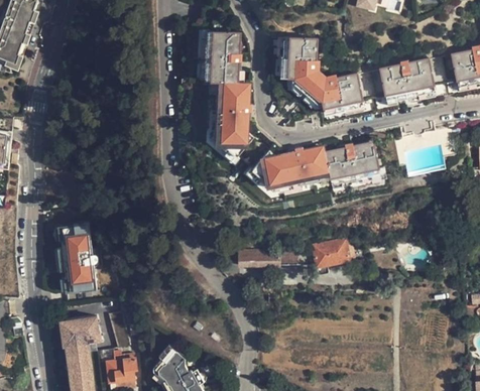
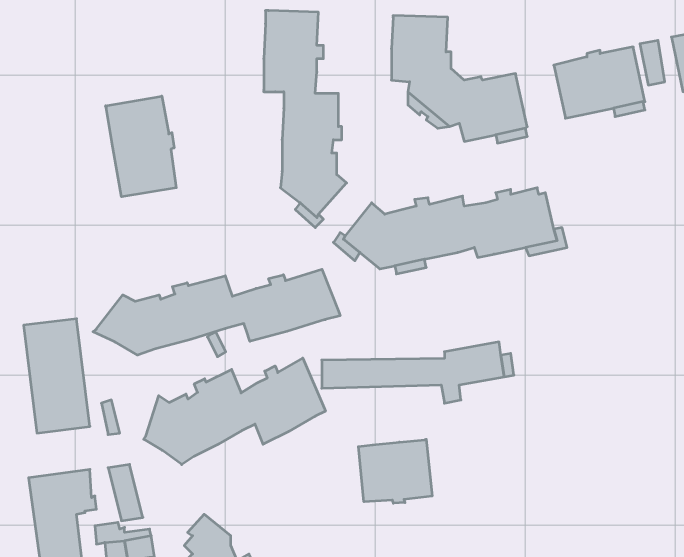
building: none -> [106,96,176,197]
building: none -> [93,269,340,355]
building: none -> [144,358,325,465]
building: none -> [358,439,432,503]

